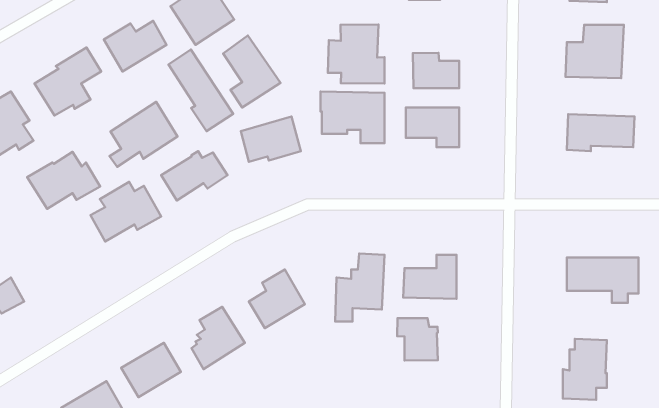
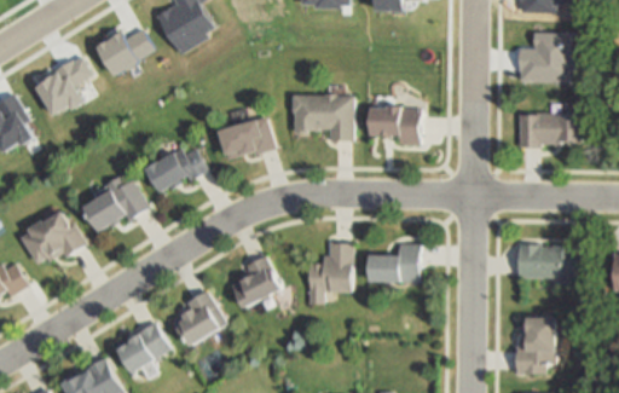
building: [328,25,385,84] -> none
building: [223,36,280,108] -> none
building: [168,50,233,131] -> none
building: [413,53,459,88] -> none
building: [110,102,177,167] -> none
building: [27,152,100,209] -> [18,212,85,264]
building: [397,318,438,360] -> none

